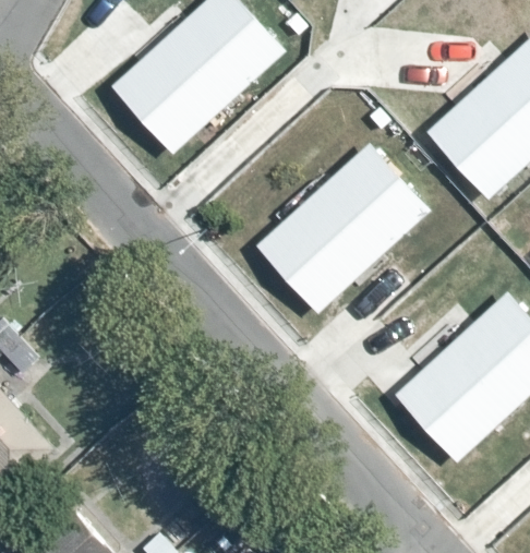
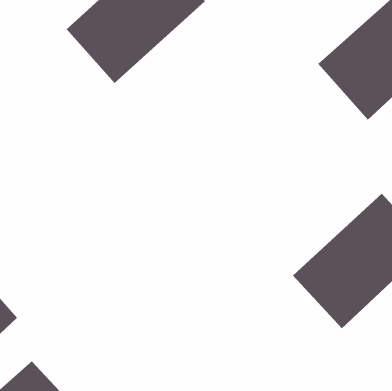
building: [257,144,431,312] -> none

